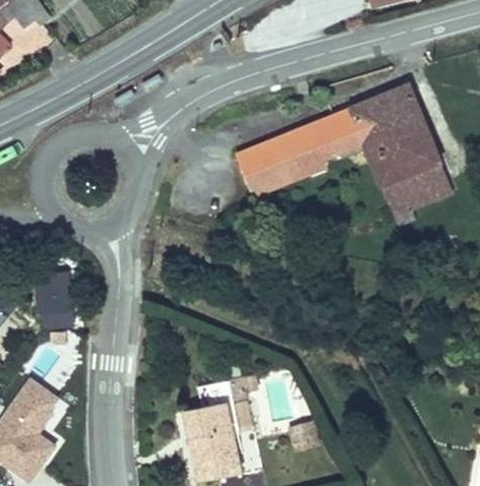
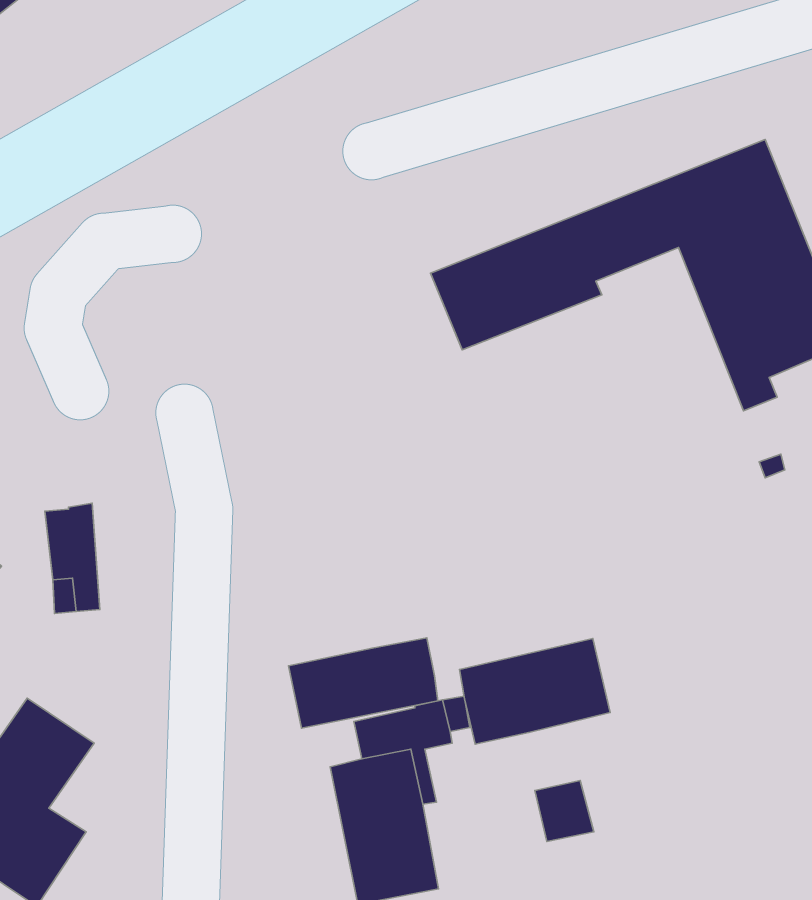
building: none -> [289,638,438,728]
building: none -> [459,639,610,744]

